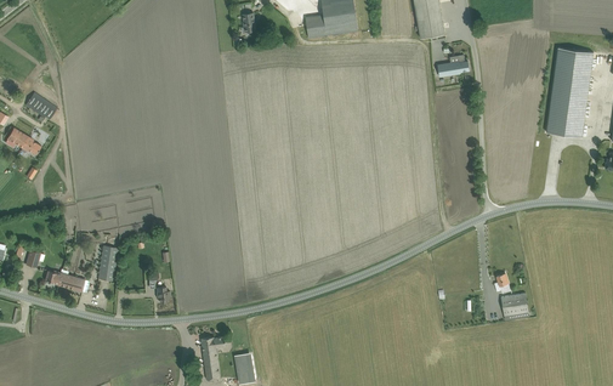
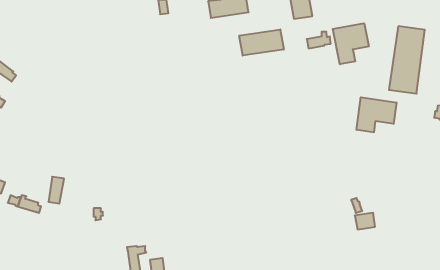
building: none -> [333,23,369,64]
building: none -> [239,29,284,56]
building: none -> [357,97,396,132]

